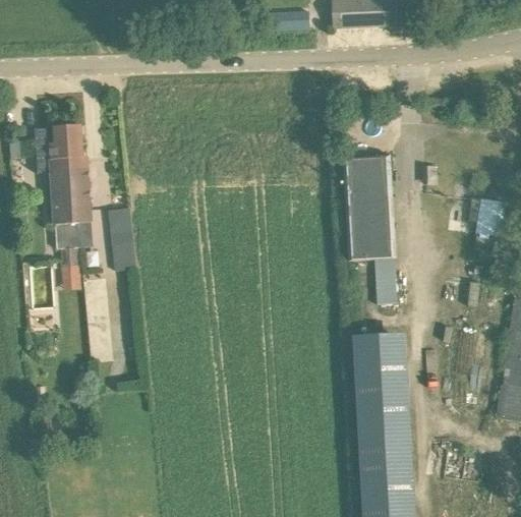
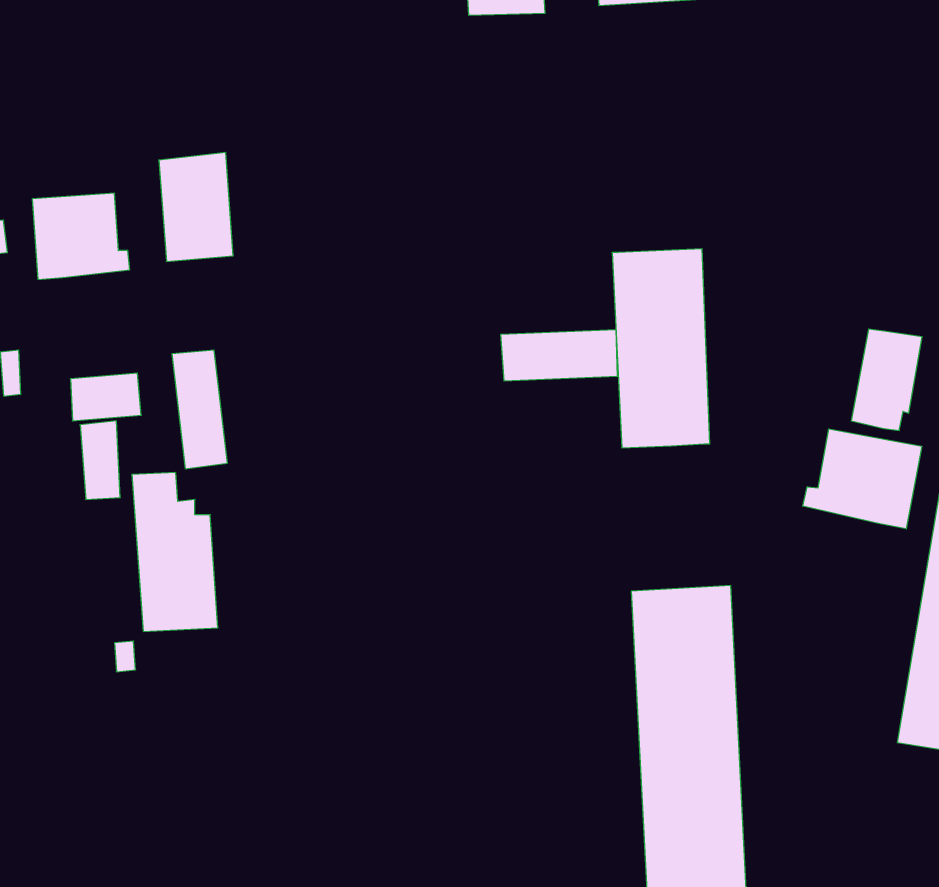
building: [51,167,91,225] -> [159,152,233,261]
building: none -> [501,329,617,381]
building: none -> [803,429,922,529]
building: [374,260,398,304] -> none

